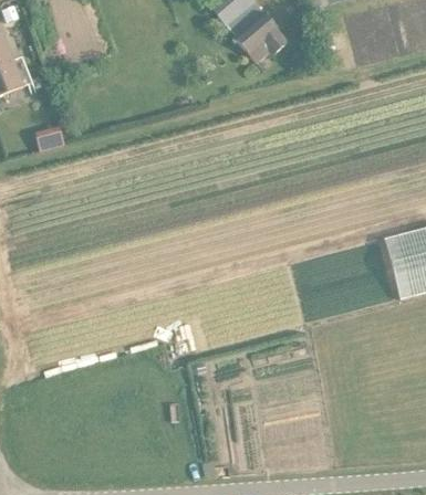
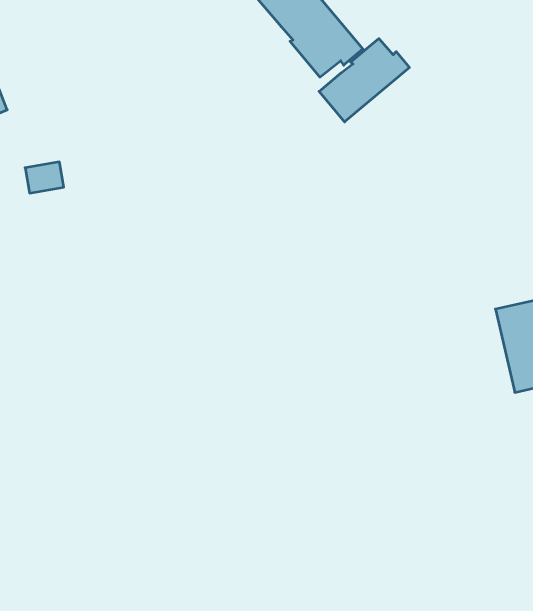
building: none -> [319,39,409,122]

